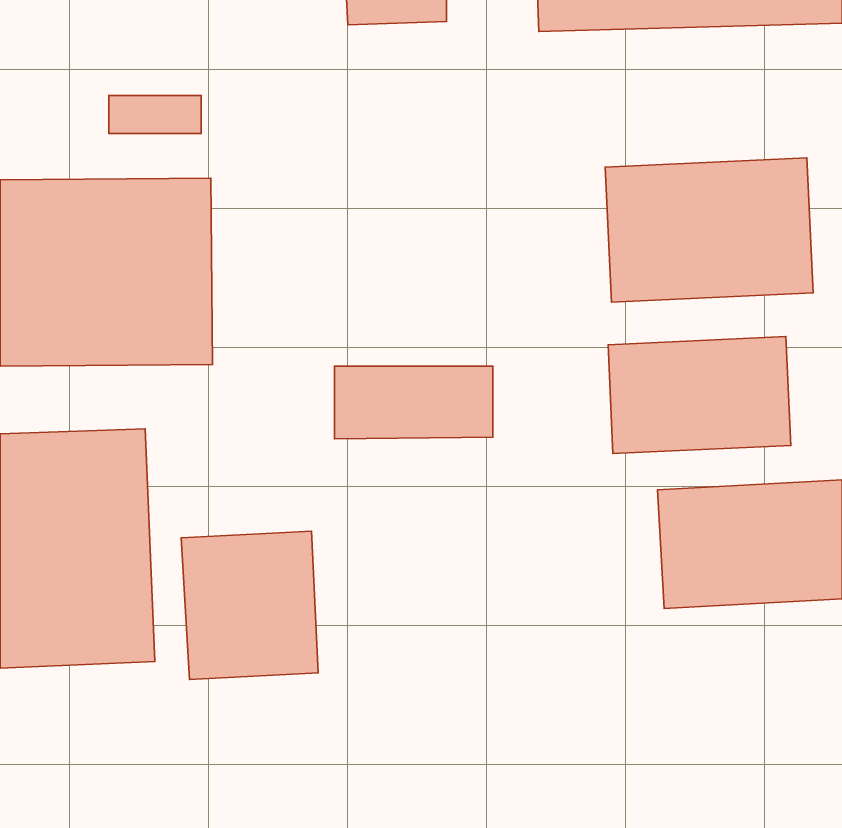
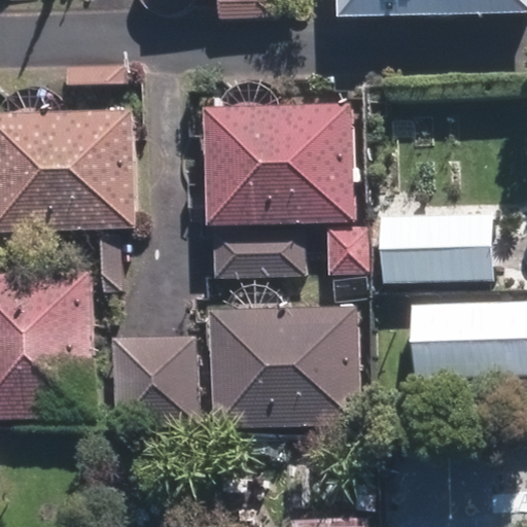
building: [605,158,813,302] -> none
building: none -> [202,106,350,220]
building: none -> [208,305,360,426]

